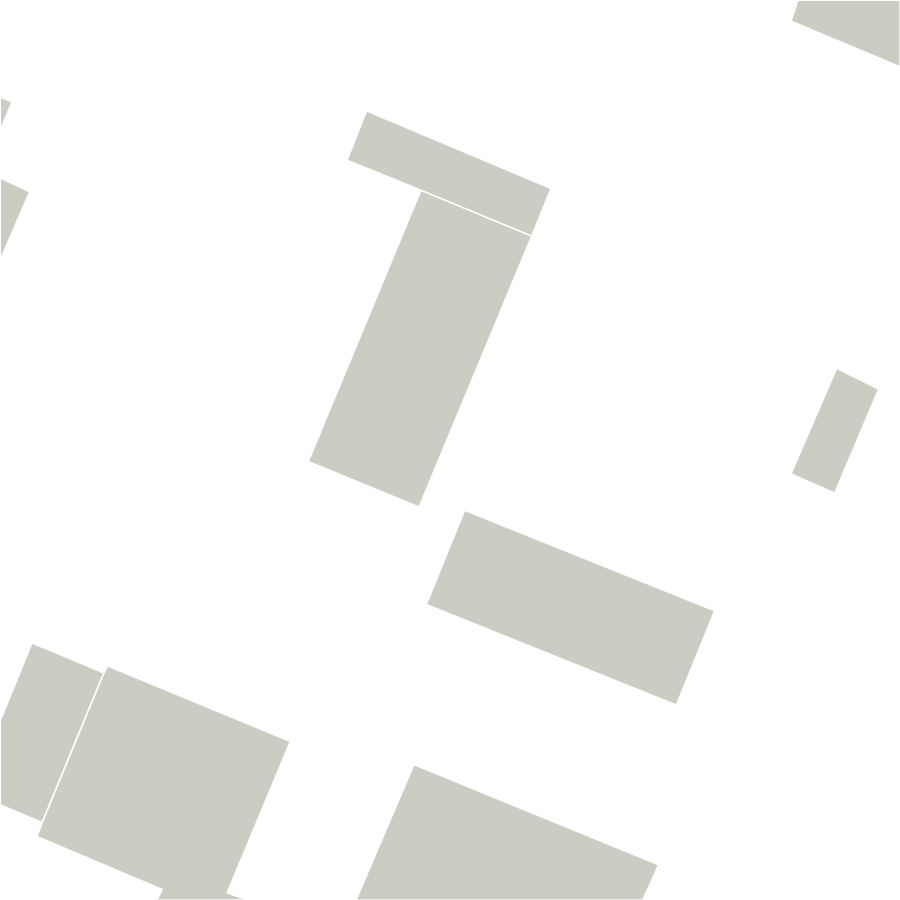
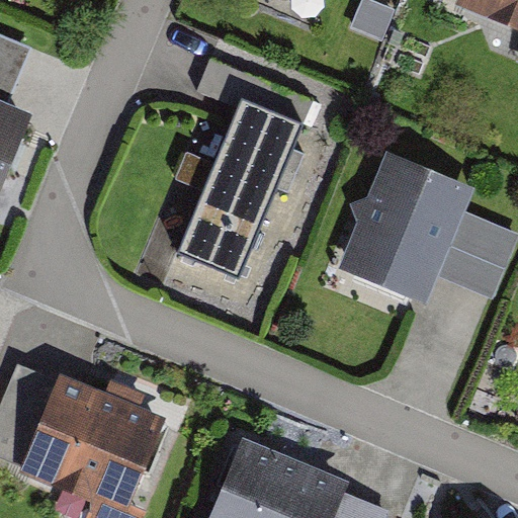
building: none -> [343,149,458,285]
building: [426,510,715,705] -> none

